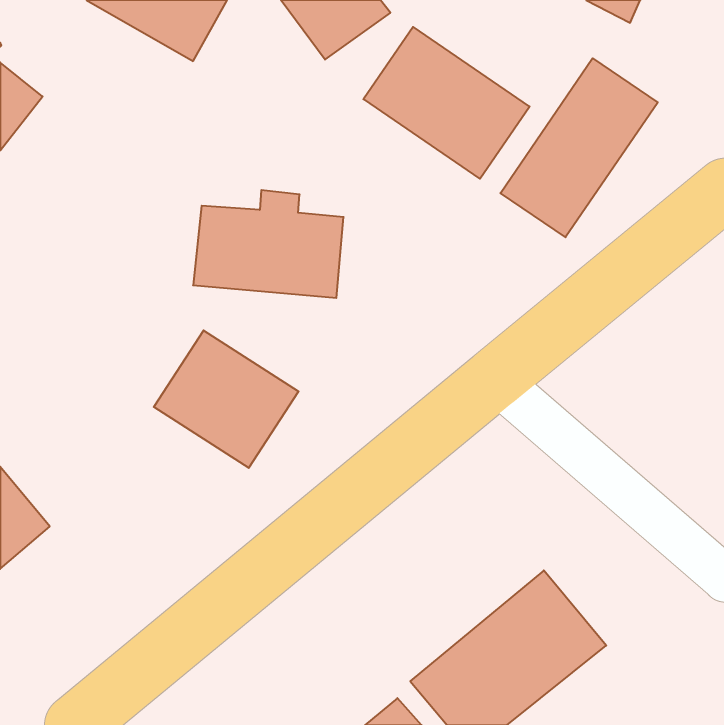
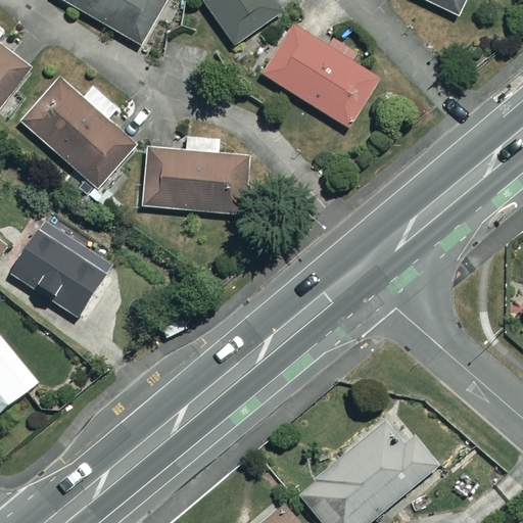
building: [500,58,658,237] -> none
building: none -> [22,81,134,187]
building: [154,330,299,468] -> [9,218,113,317]

